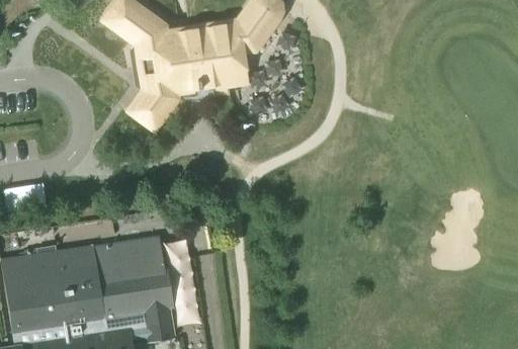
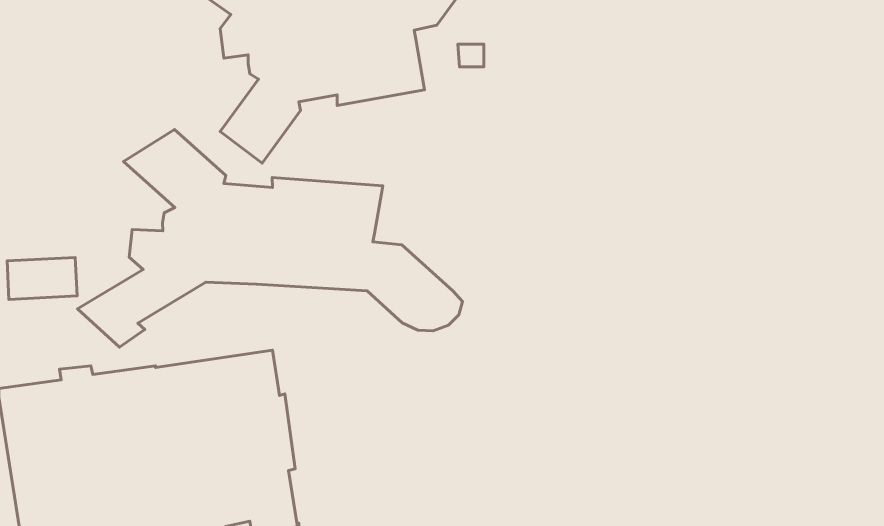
building: none -> [77,130,462,347]

